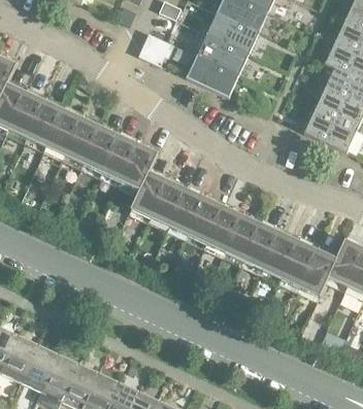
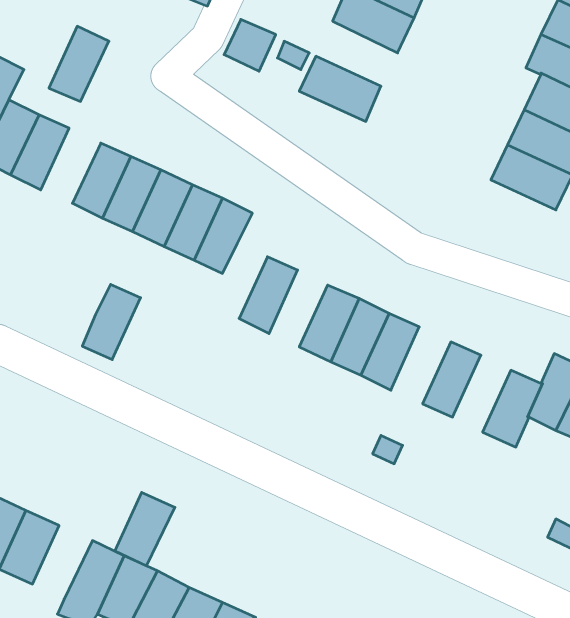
building: [197,34,248,74] -> none
building: [27,100,64,146] -> [49,26,109,101]
building: [131,171,167,217] -> [82,284,141,360]
building: [168,188,204,235] -> none
building: [243,223,280,270] -> none
building: [282,240,318,287] -> none
building: [22,345,59,390] -> [115,492,175,566]

